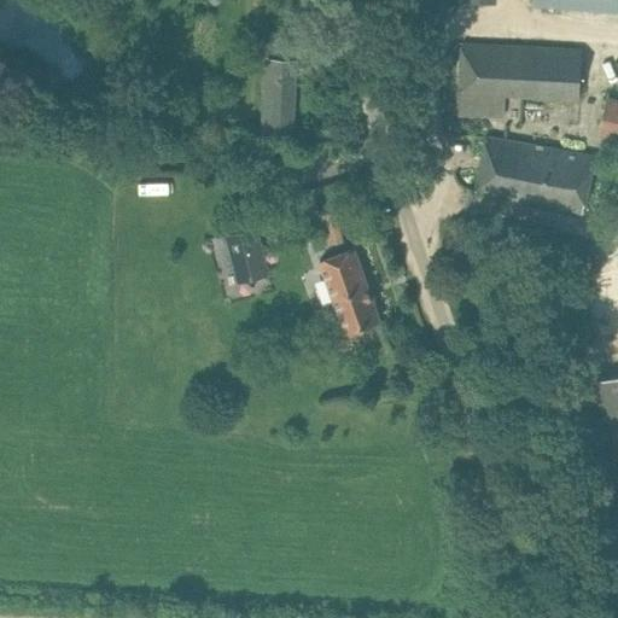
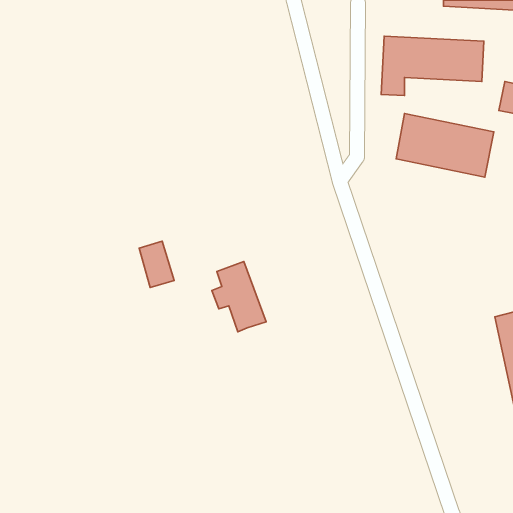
building: [268,59,296,133] -> none
building: [227,227,269,282] -> [139,241,174,287]
building: [315,249,380,333] -> [212,261,266,332]

